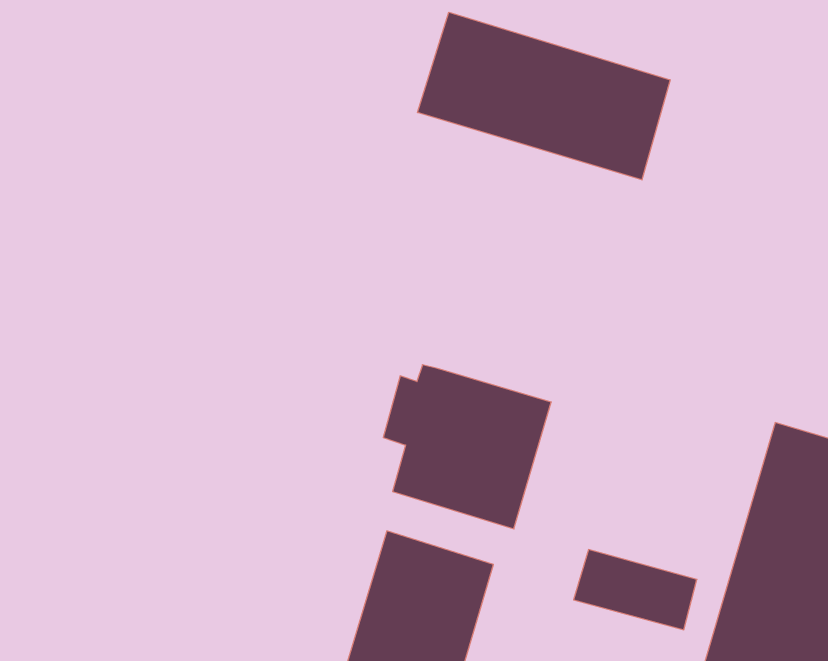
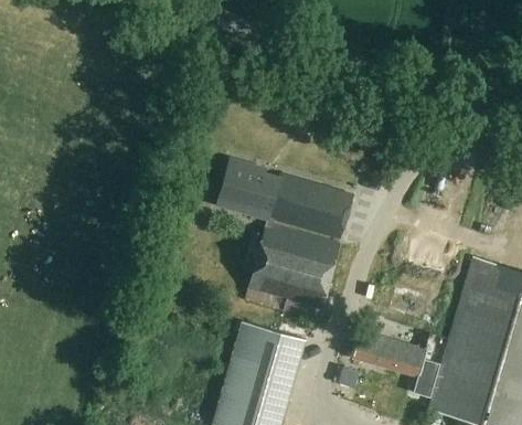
building: [418,12,670,180] -> none
building: none -> [217,158,352,238]

